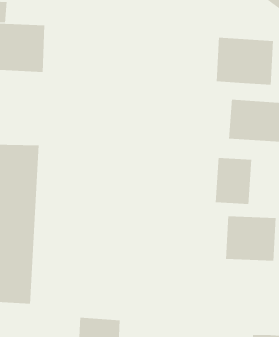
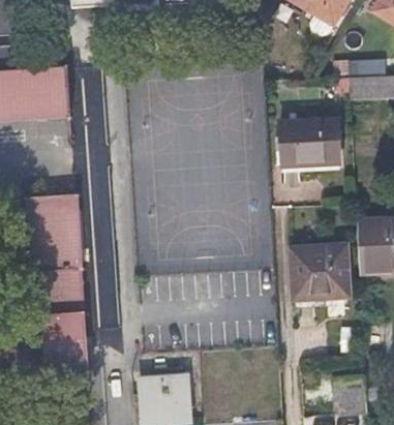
building: [216,37,274,86] -> none
building: [215,157,252,205] -> none

